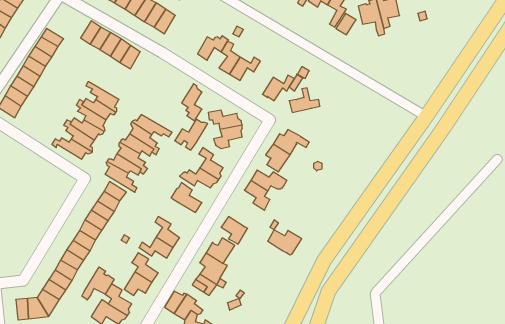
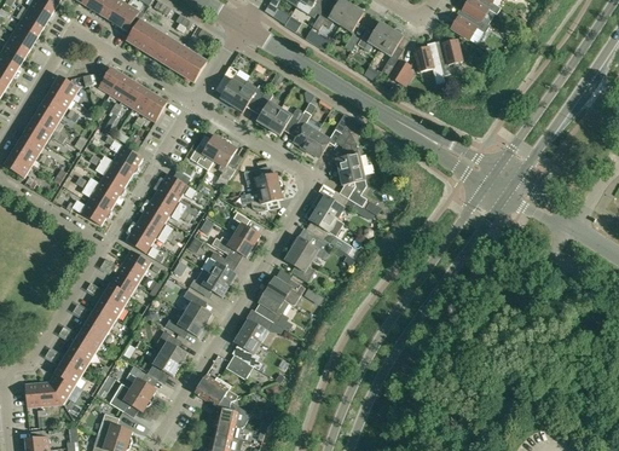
building: none -> [219,65,245,104]
building: none -> [291,102,317,150]
building: none -> [339,163,372,206]
building: [175,119,208,150] -> [189,133,226,168]
building: none -> [189,268,228,296]
building: [268,229,302,255] -> [266,276,305,305]
building: [82,267,114,300] -> none

